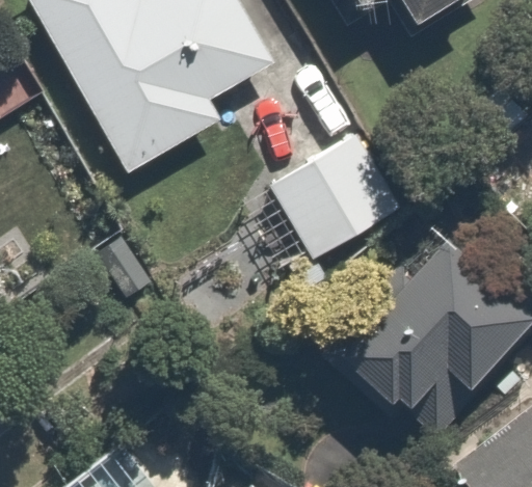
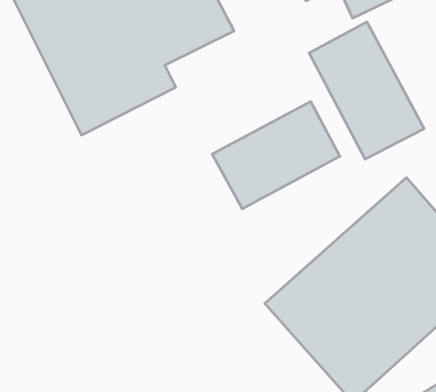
building: none -> [309,22,424,159]

